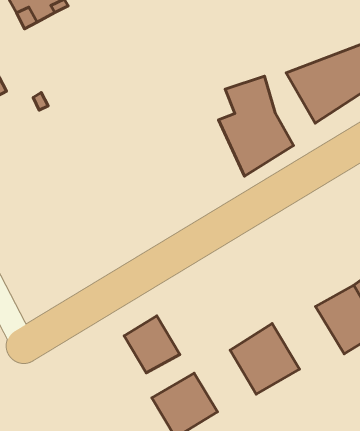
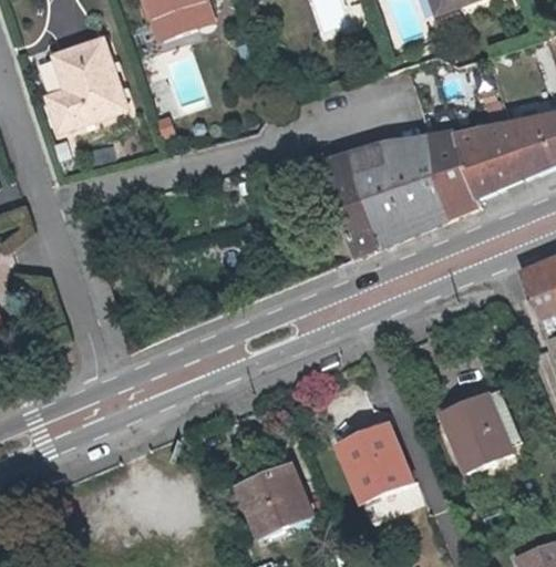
building: none -> [425,132,478,220]
building: none -> [320,143,384,261]
building: [124,316,180,373] -> none

